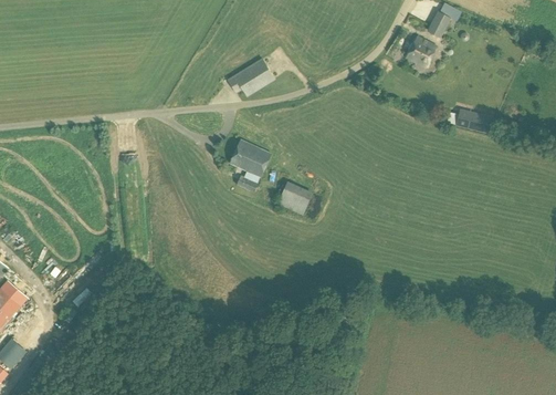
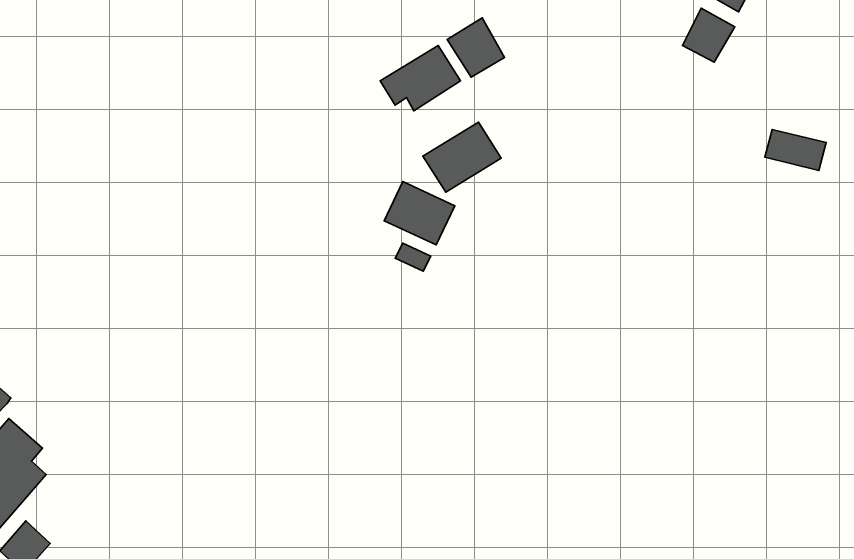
building: none -> [447,18,505,77]
building: none -> [423,122,501,192]
building: [275,180,311,215] -> none

